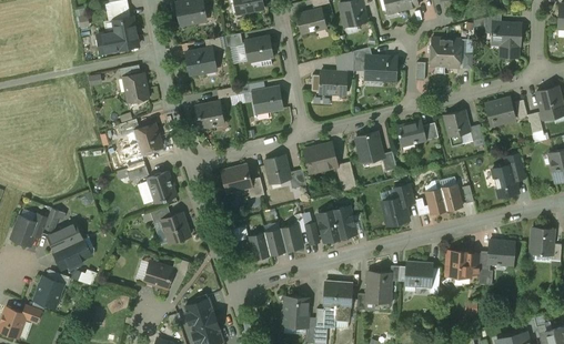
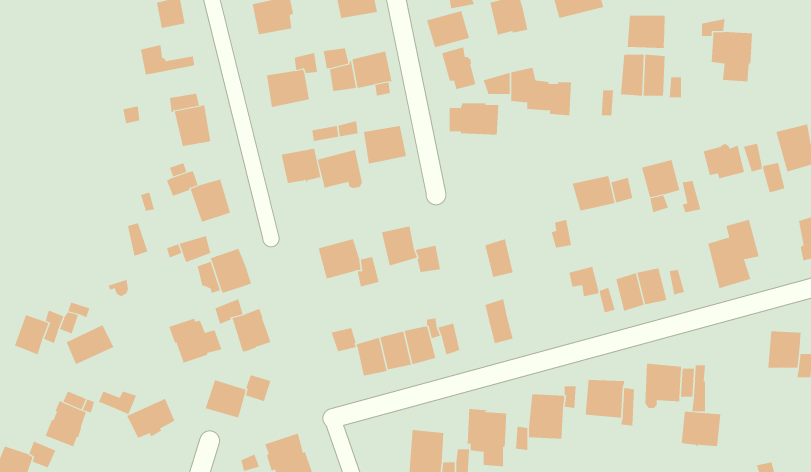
building: none -> [627,15,665,49]
building: [113,18,138,43] -> none
building: none -> [442,47,476,90]
building: none -> [317,149,362,189]
building: [356,133,383,163] -> none
building: [305,144,336,173] -> none
building: [382,198,409,225] -> none
building: [318,211,343,242] -> none
building: none -> [169,318,222,364]
building: [56,240,89,267] -> [127,398,175,439]
building: [487,241,515,265] -> [681,411,721,447]

